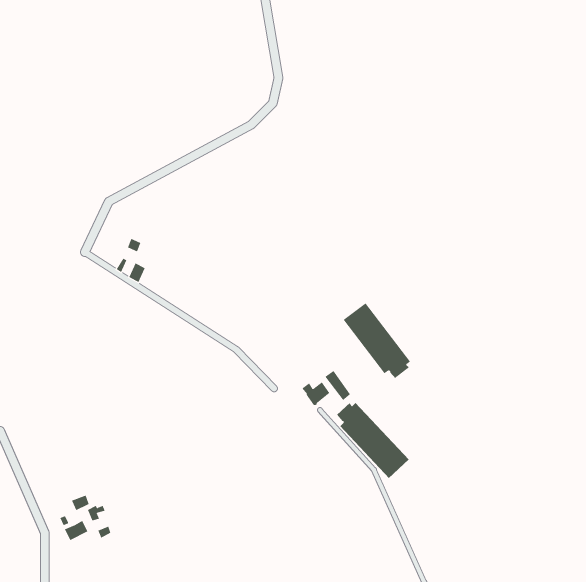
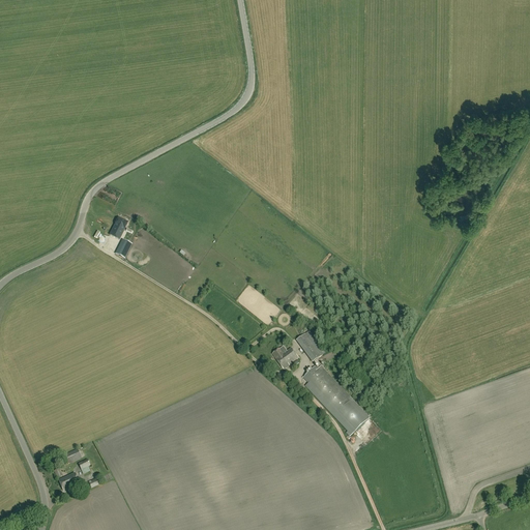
building: [343,302,411,379] -> none

